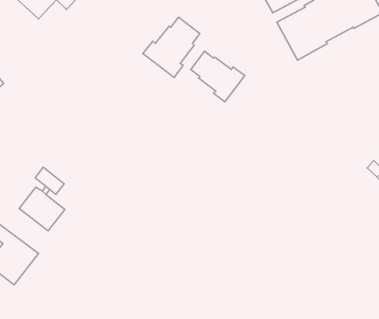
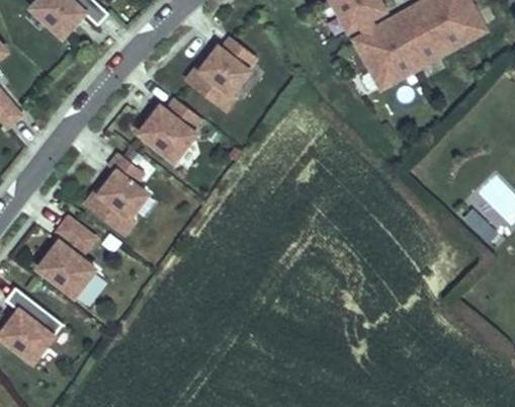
building: [191,51,245,102] -> none
building: none -> [141,94,201,157]
building: none -> [84,153,147,234]

